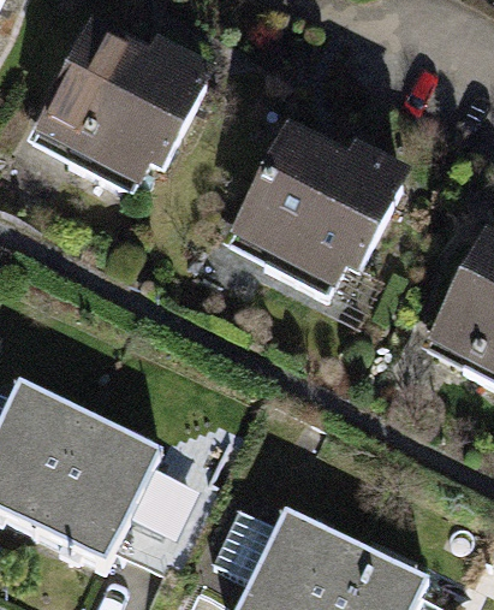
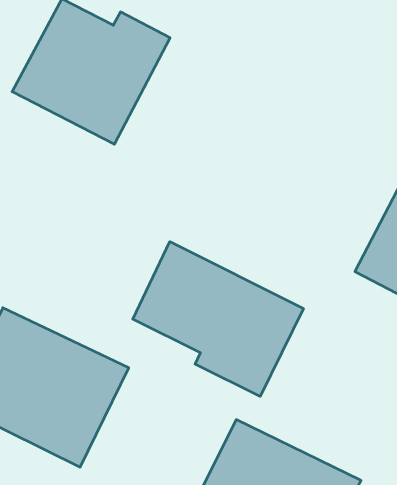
building: [232,124,411,291] -> none
building: none -> [133,242,303,396]

